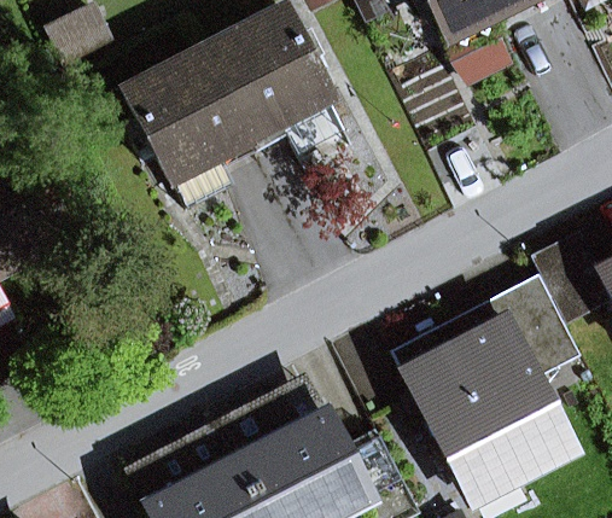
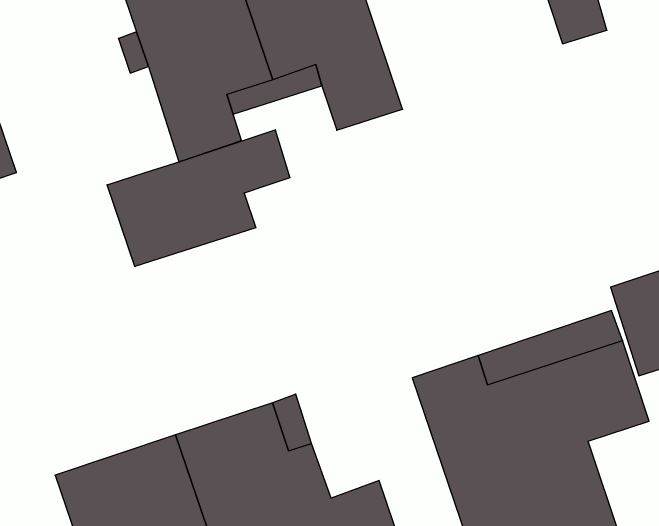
building: none -> [107,130,290,267]

